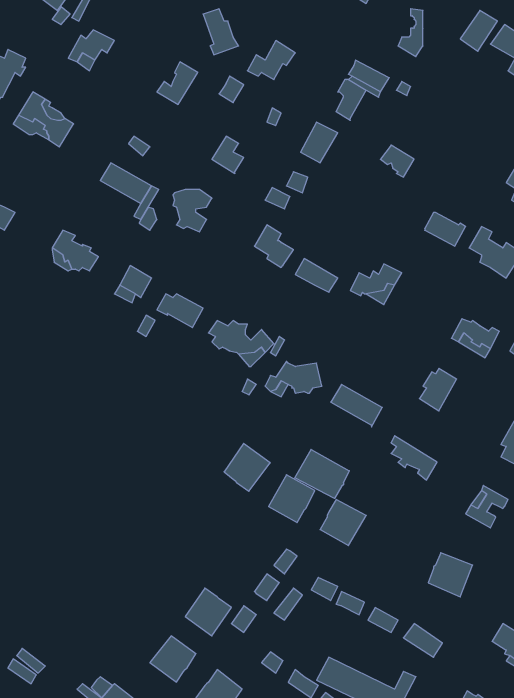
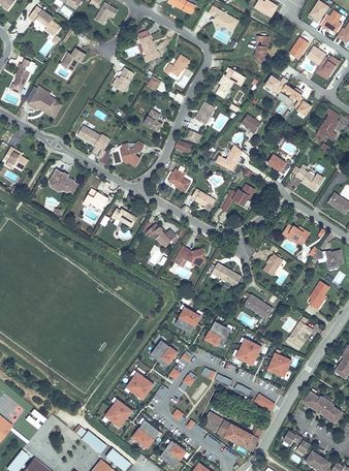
building: none -> [261,74,312,116]
building: [224,443,270,491] -> [151,341,178,369]
building: [295,449,349,498] -> none
building: none -> [236,339,264,367]

